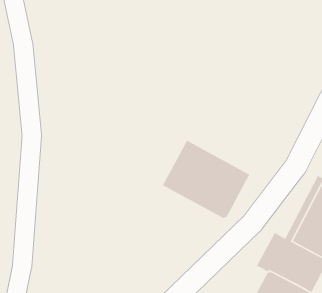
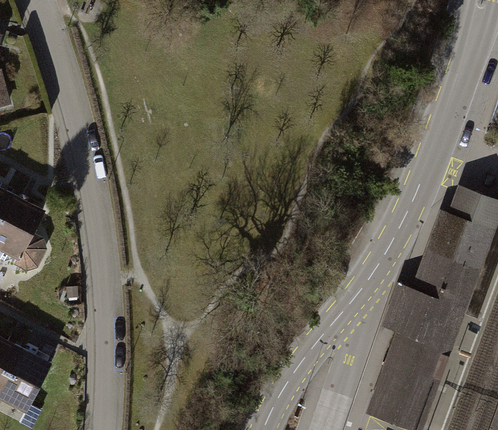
building: [162,140,251,219] -> none

